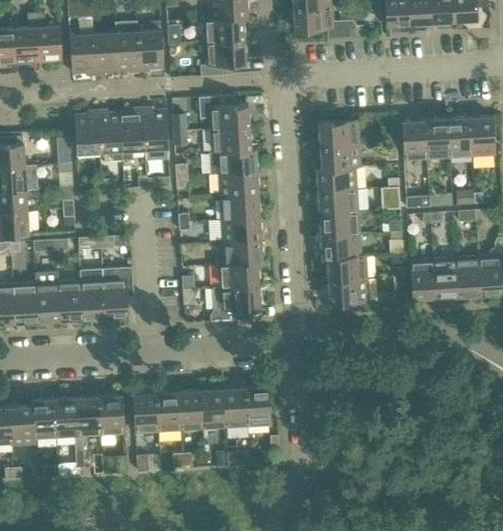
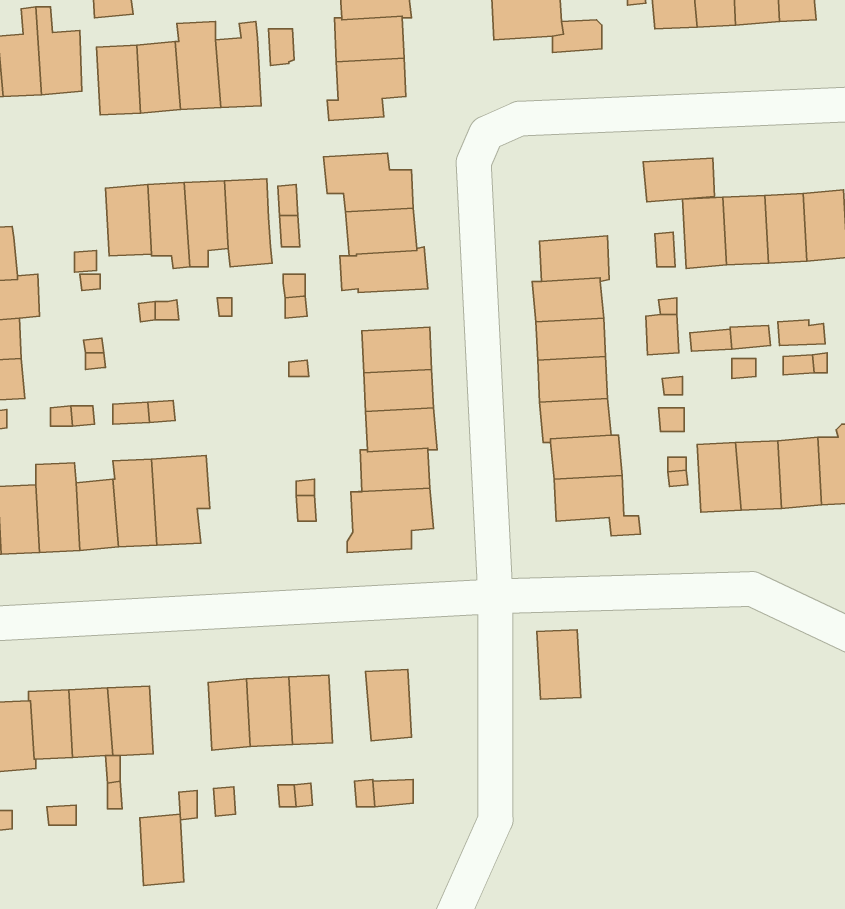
building: [318,120,359,145] -> [643,158,715,202]
building: [218,172,258,196] -> none
building: [246,387,271,426] -> [537,630,581,699]
building: [201,389,225,429] -> none
building: [100,395,124,436] -> [140,814,184,885]

